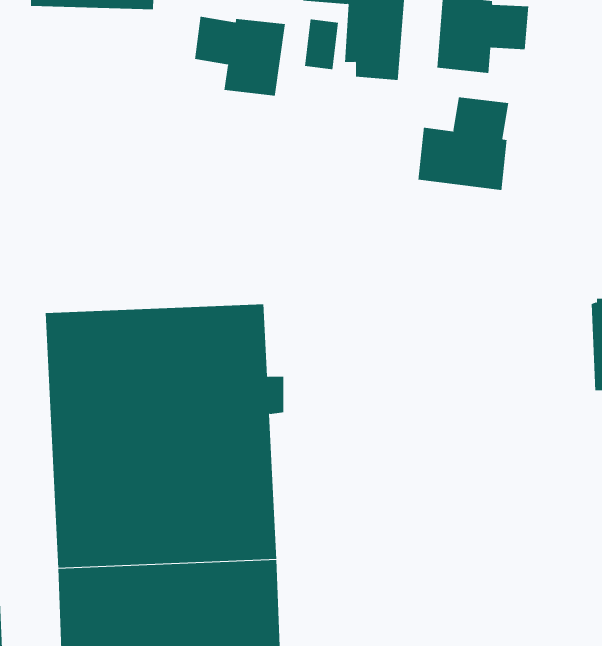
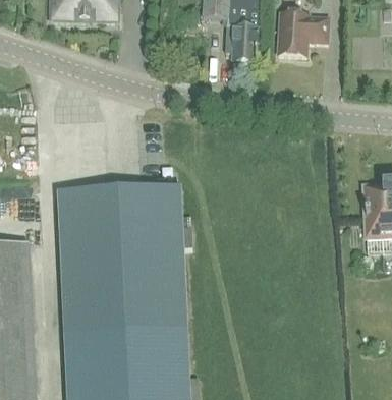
building: [194,16,285,96] -> none
building: [418,96,509,191] -> none

